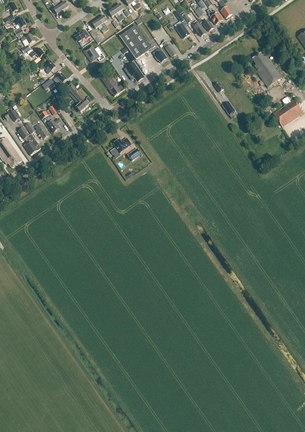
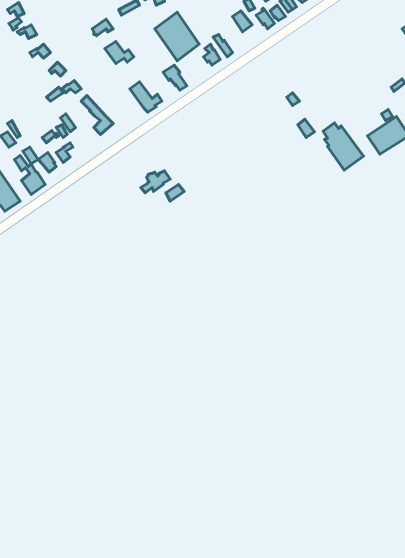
building: [252,53,281,87] -> [323,123,364,170]

